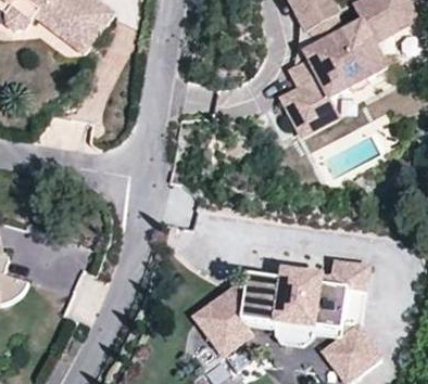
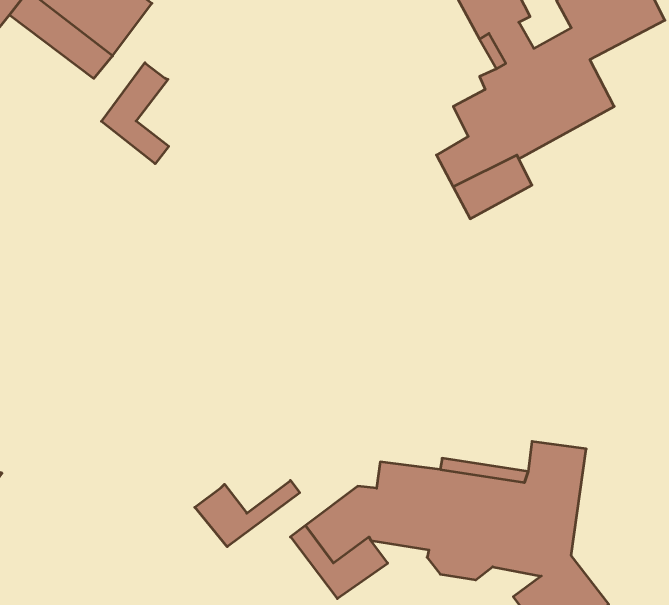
building: none -> [101,63,169,164]
building: none -> [195,480,300,547]

